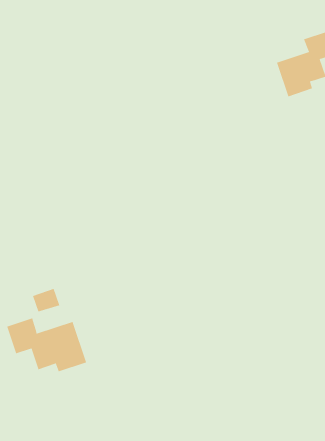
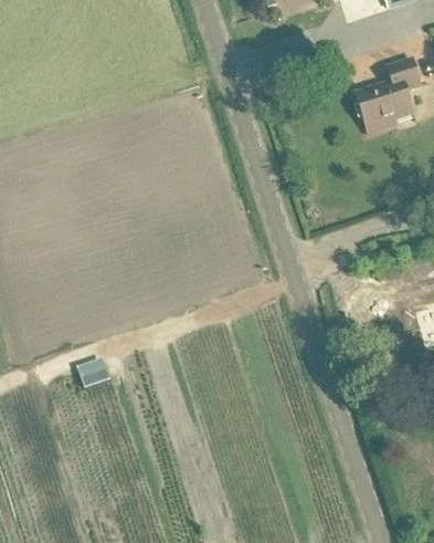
building: [6,317,87,372] -> none

